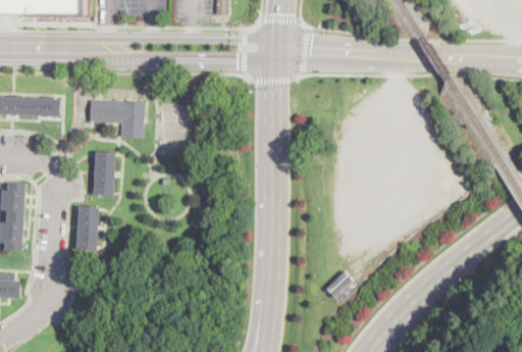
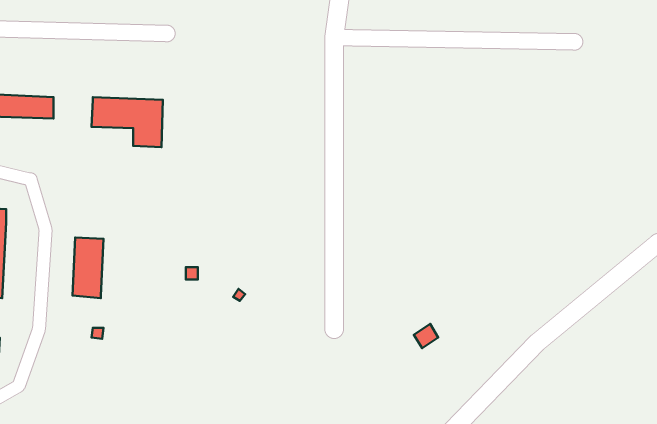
building: [93,151,114,195] -> none

